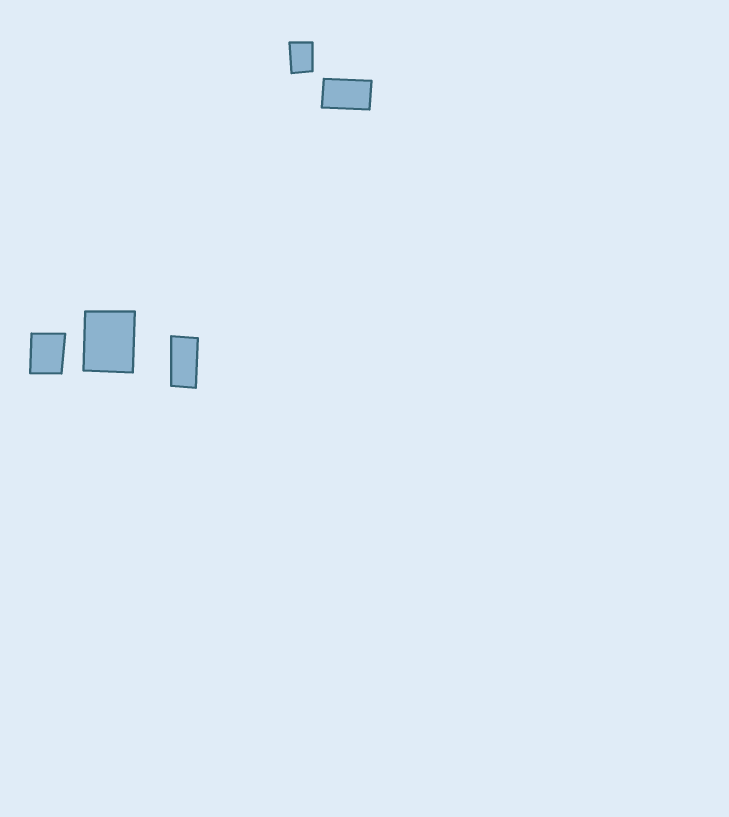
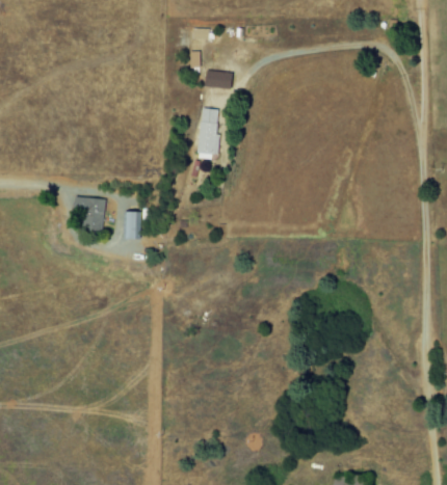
building: none -> [199,107,220,156]
building: [30,333,65,373] -> none

